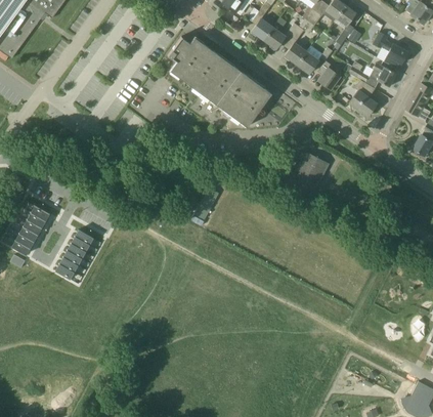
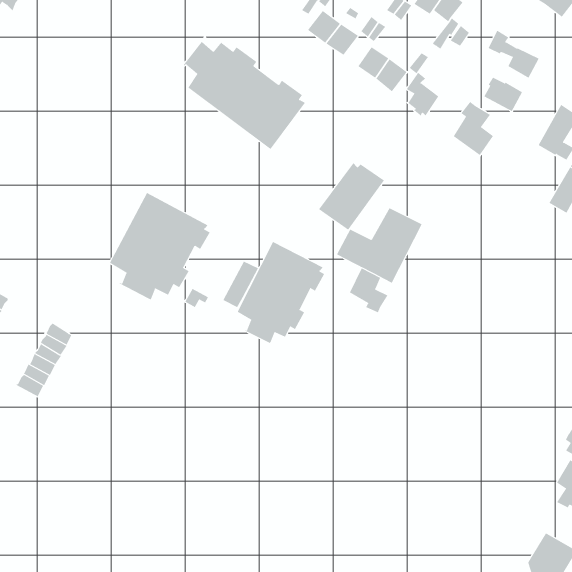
building: [227,80,272,126] -> [318,162,385,231]
building: none -> [109,192,210,303]
building: none -> [237,241,325,346]
building: none -> [349,268,388,313]

